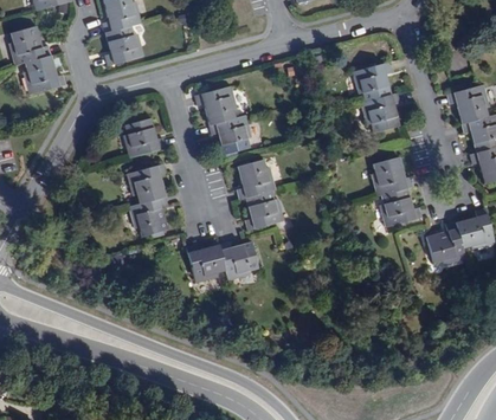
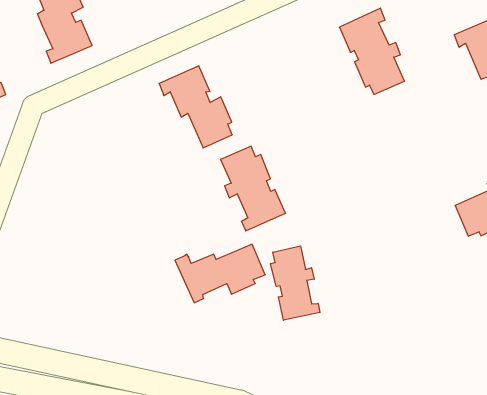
building: [123,118,167,157] -> none
building: [372,156,421,227] -> none
building: [128,163,168,237] -> none
building: none -> [270,246,320,320]

